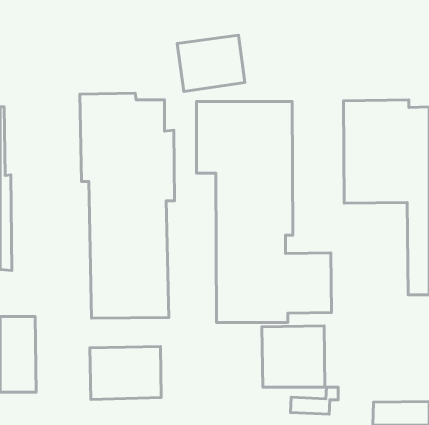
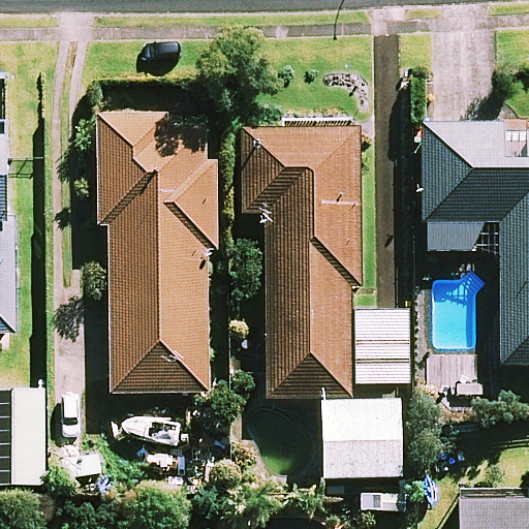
building: [177,35,245,91] -> none
building: [90,346,161,400] -> none

